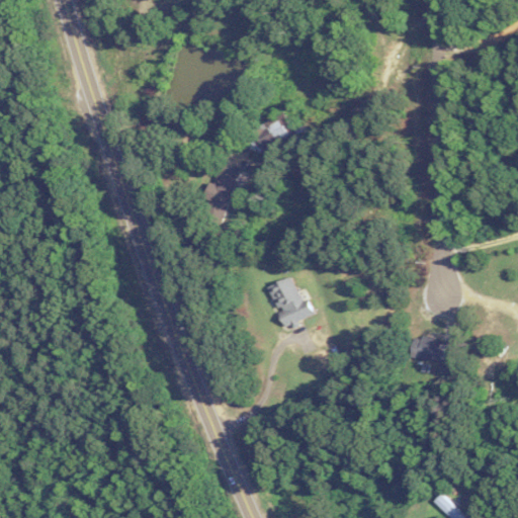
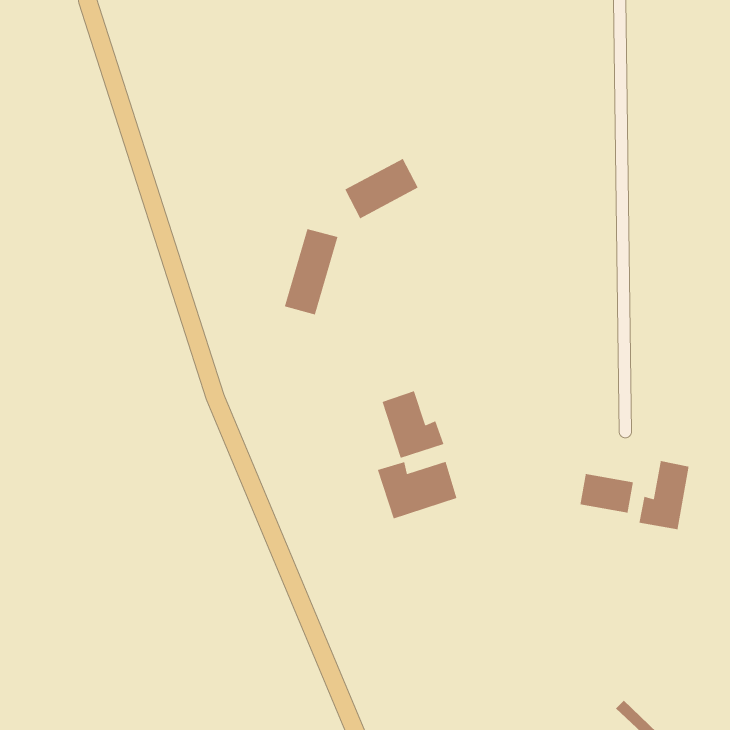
building: none -> [639,460,690,530]
building: none -> [377,461,458,519]

